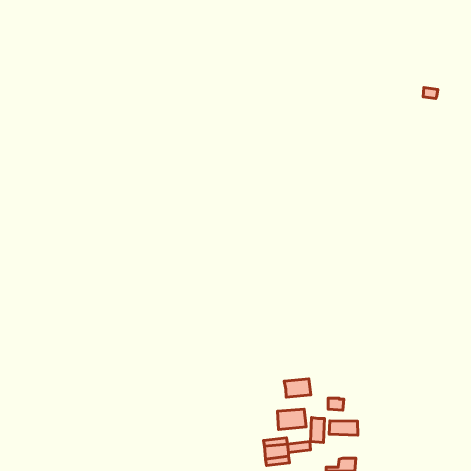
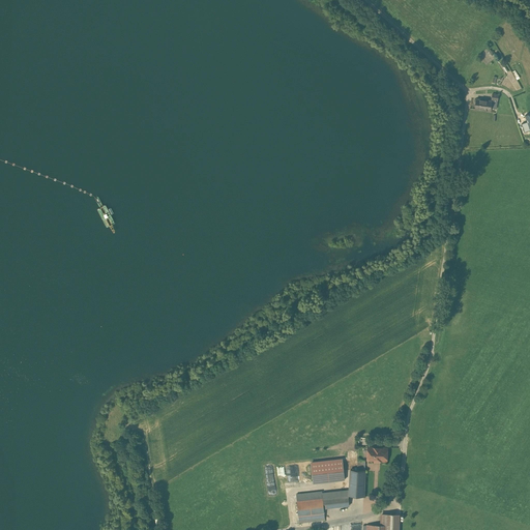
building: [284,379,311,397] -> none
building: [329,421,358,435] -> none

